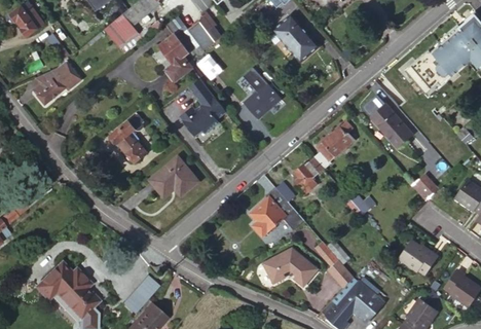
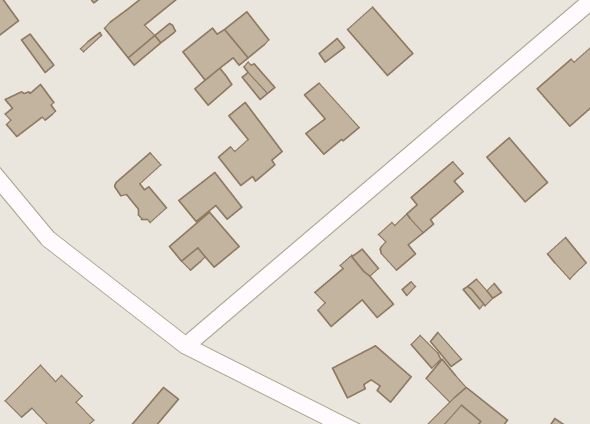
building: none -> [179,172,242,221]
building: [397,240,434,273] -> none

